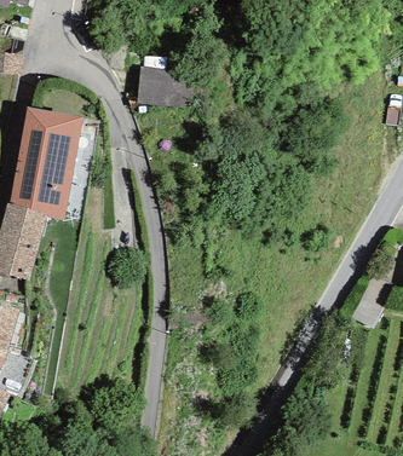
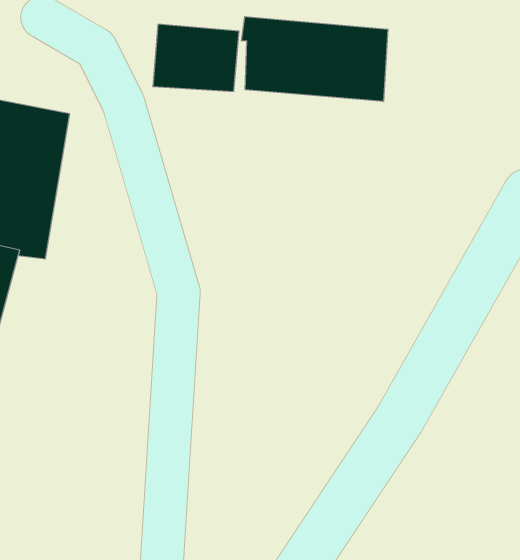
building: none -> [241,16,388,102]

